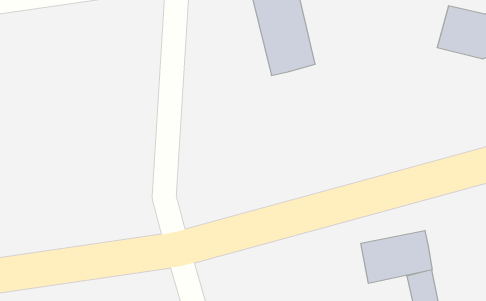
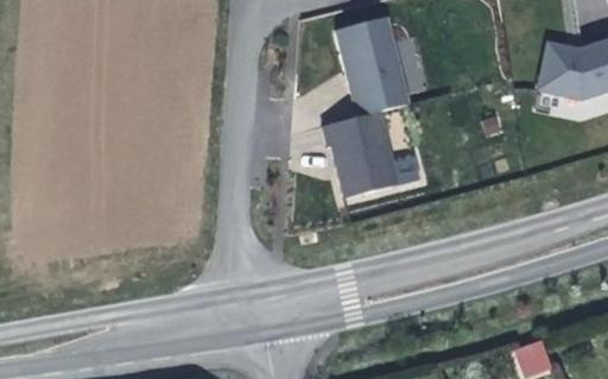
building: none -> [324,113,399,198]
building: [361,230,432,283] -> none

